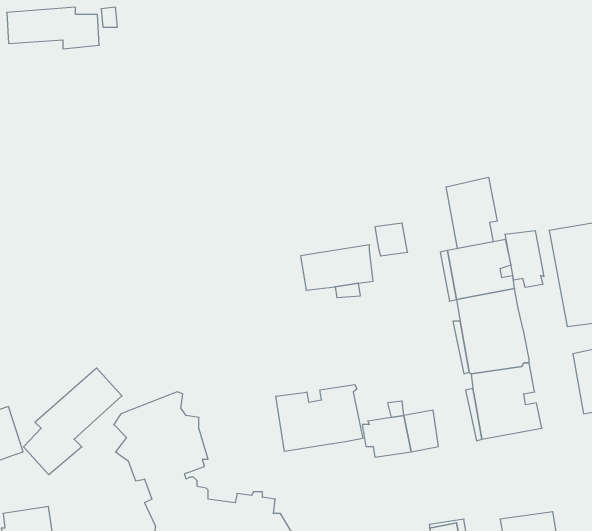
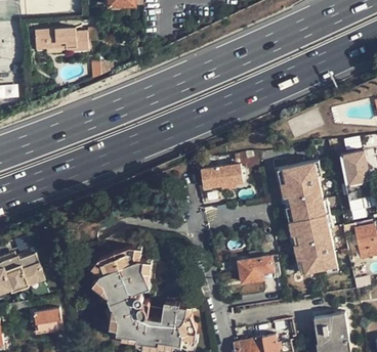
building: [446,177,497,249] -> none
building: [505,231,544,287] -> none
building: [23,368,122,475] -> none
building: [276,385,363,451] -> none

